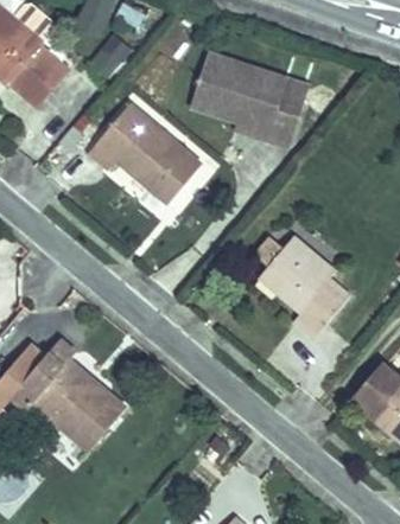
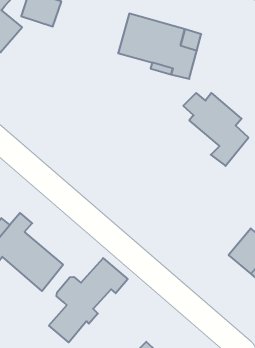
building: [89,113,198,209] -> none
building: [253,235,343,336] -> [183,93,248,166]
building: none -> [49,258,128,342]

